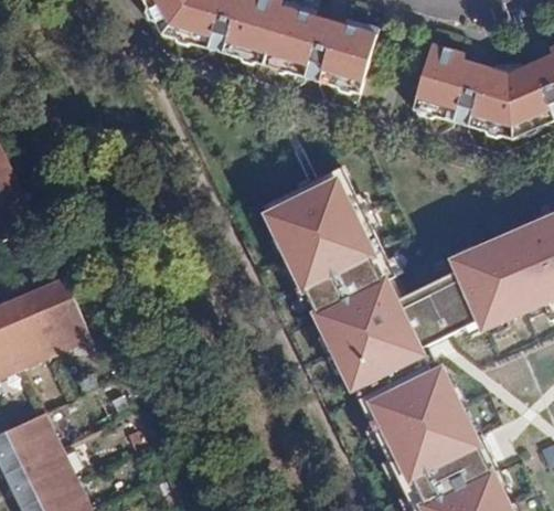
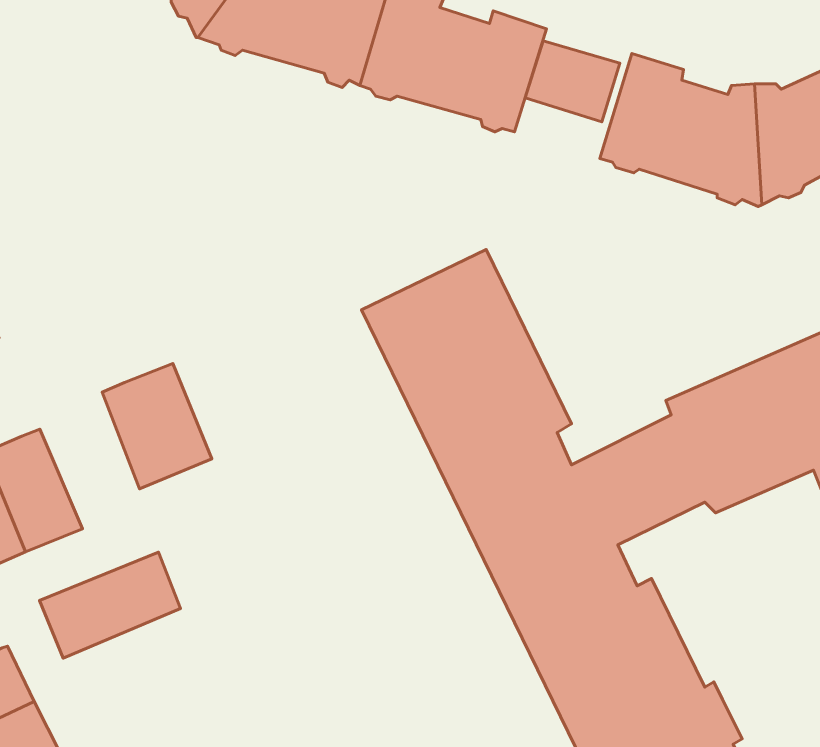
building: none -> [525,41,620,122]
building: none -> [102,363,212,489]
building: none -> [40,552,181,658]

